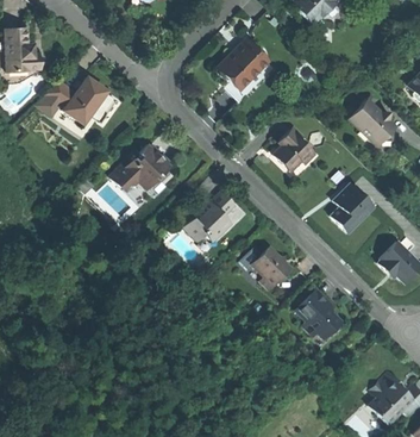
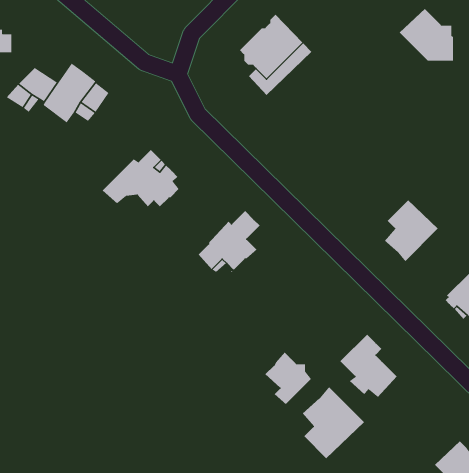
building: [349,99,391,141] -> [399,8,454,62]
building: [274,126,315,170] -> none
building: [253,246,290,288] -> [265,351,312,405]
building: none -> [302,386,365,459]

